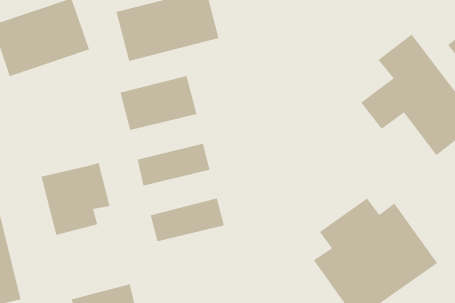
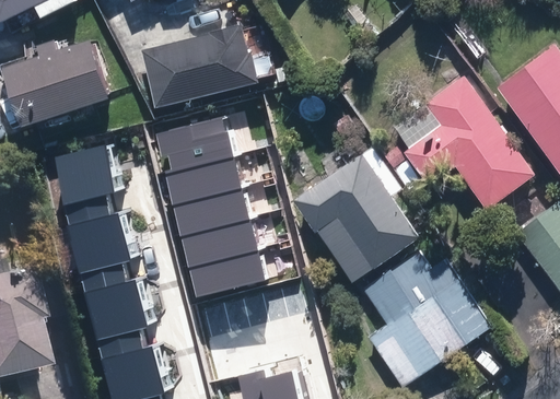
building: none -> [46,145,122,230]
building: none -> [298,153,421,280]
building: none -> [160,163,240,211]
building: none -> [174,223,255,271]
building: none -> [80,278,155,362]

